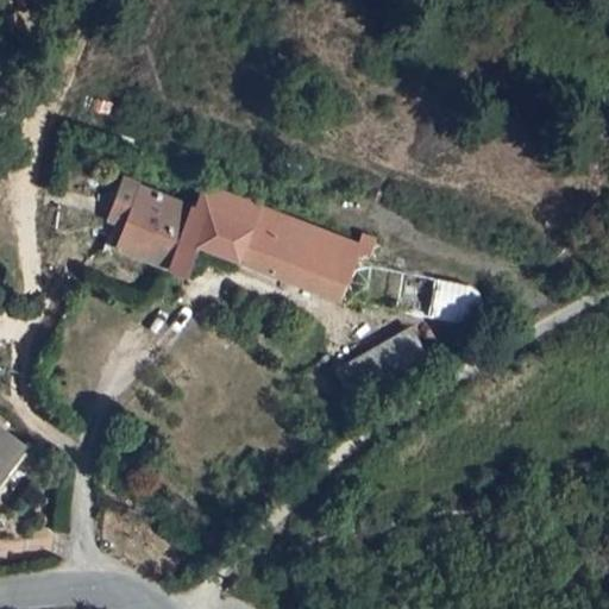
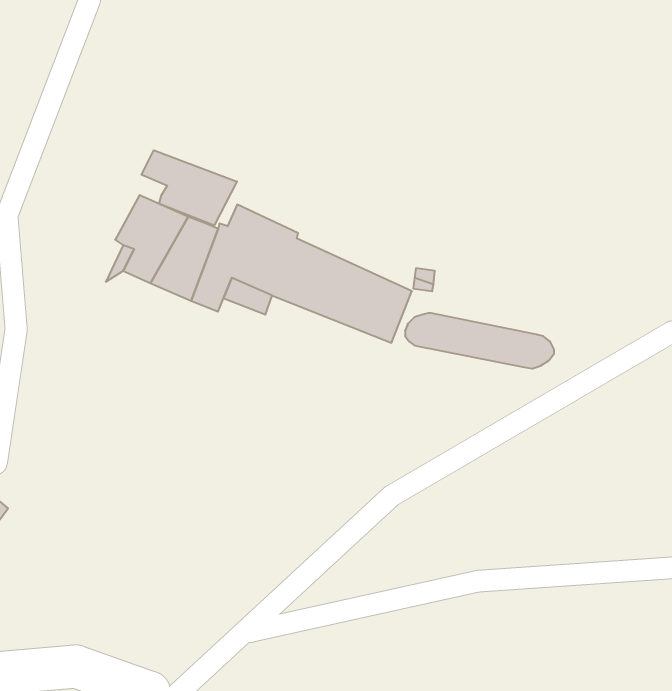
building: none -> [141,150,237,226]
building: [335,335,422,398] -> none

